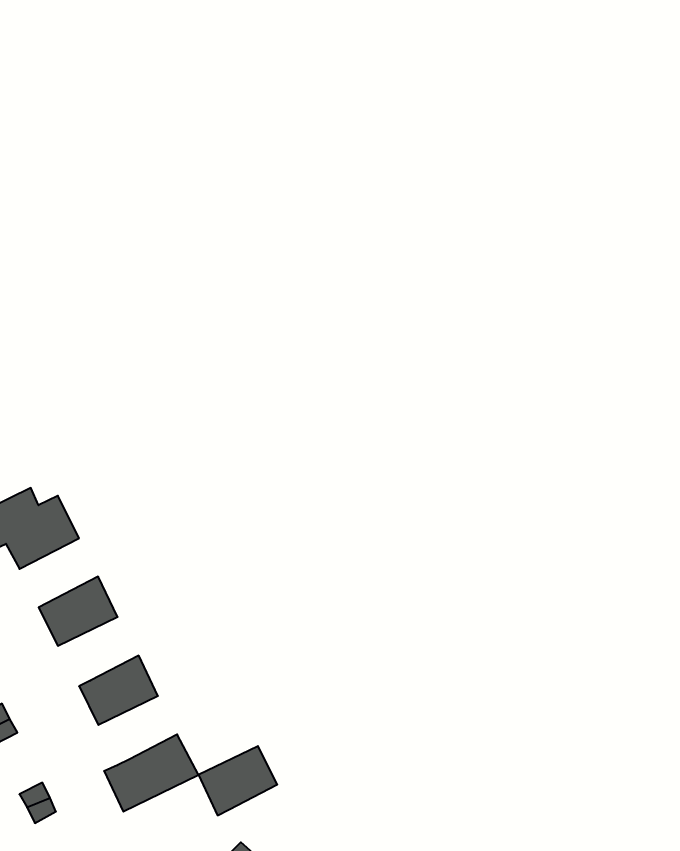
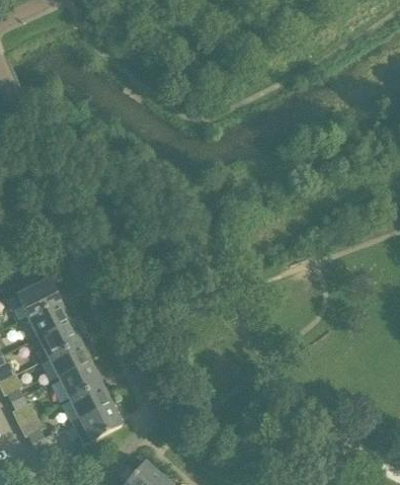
building: none -> [28,302,70,338]
building: none -> [49,343,91,380]
building: [198,746,277,815] -> [70,385,111,421]

